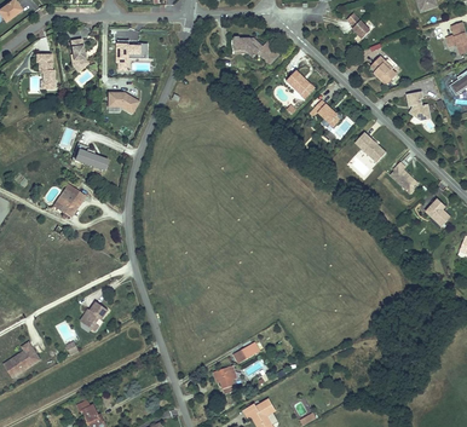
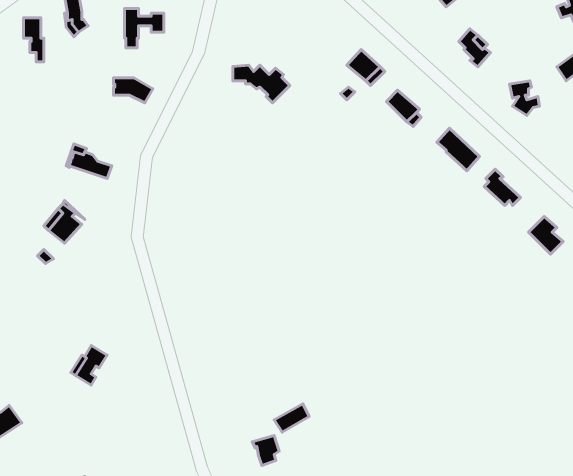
building: [237,39,281,68] -> [233,65,290,103]

